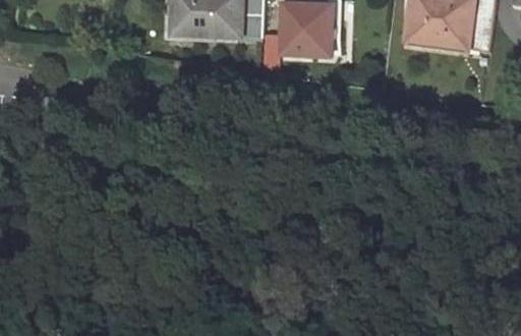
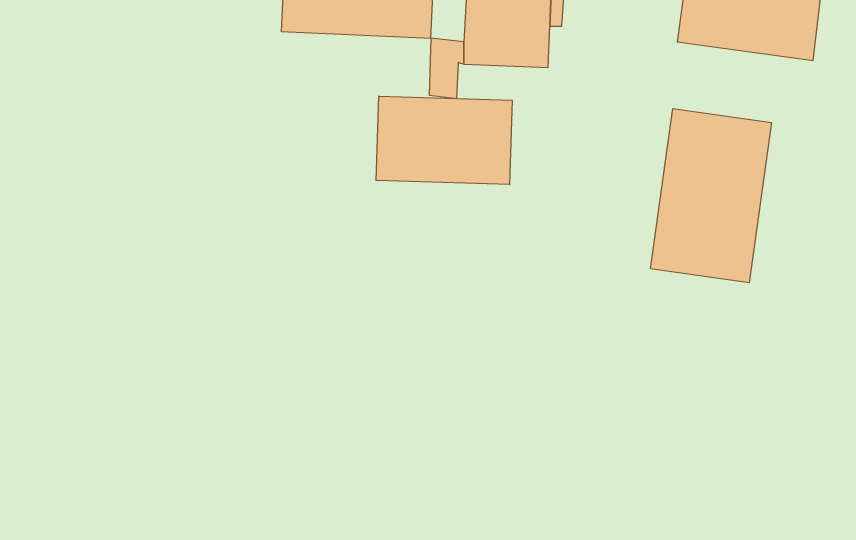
building: none -> [376,96,512,185]
building: none -> [651,109,771,283]

